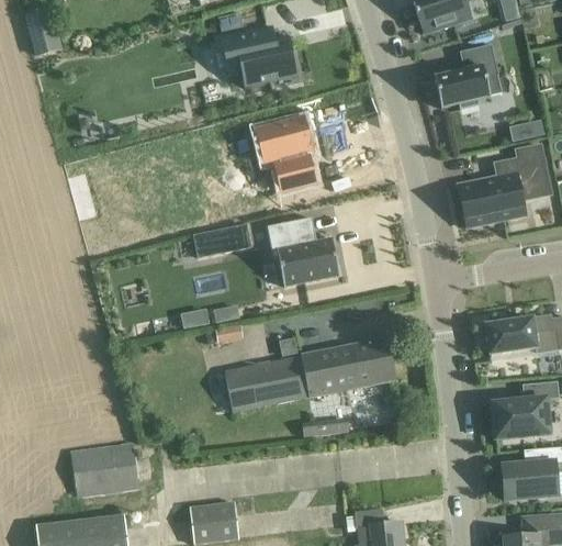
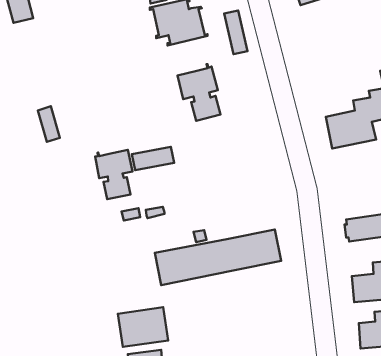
building: none -> [224,11,247,54]
building: [434,44,502,108] -> none
building: [267,216,339,286] -> none
building: none -> [95,150,132,199]
building: [70,442,138,495] -> [118,307,168,347]

